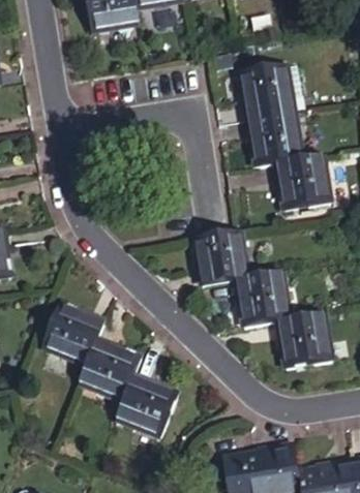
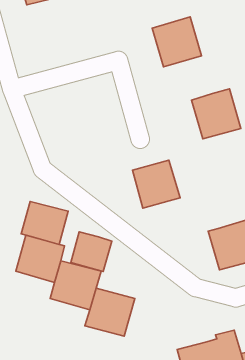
building: [245,112,300,166] -> none
building: none -> [21,201,68,244]
building: [234,273,289,328] -> none
building: none -> [71,232,112,272]

